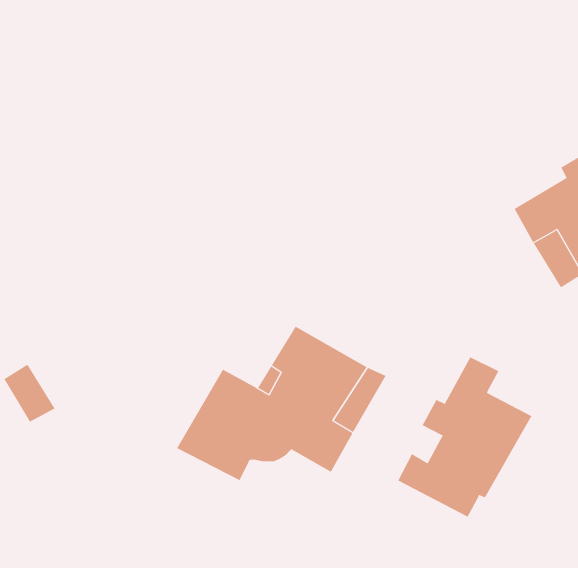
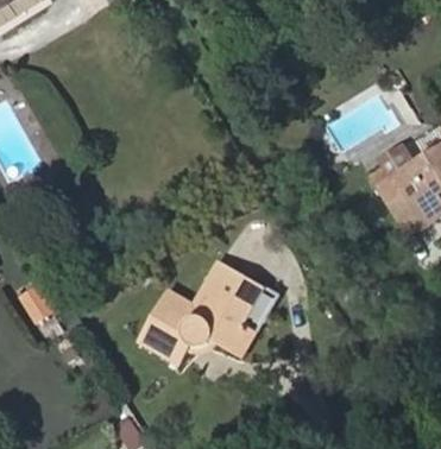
building: [398,357,532,517] -> none

